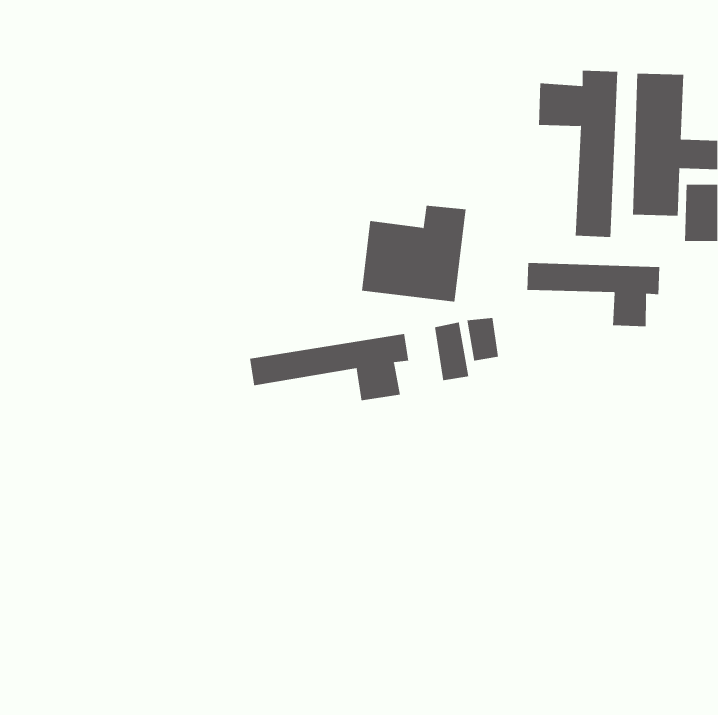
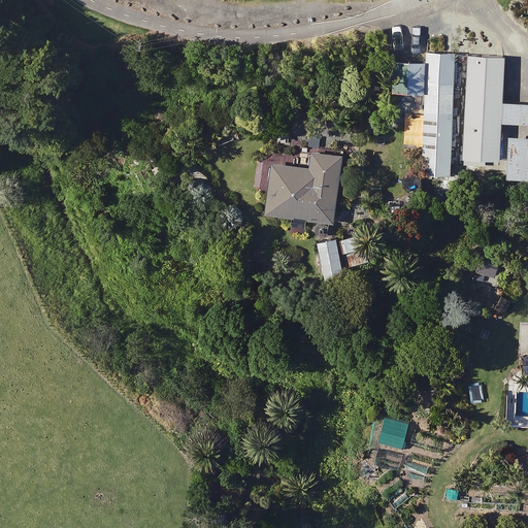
building: [527,262,660,327] -> none
building: [250,333,409,401] -> none

